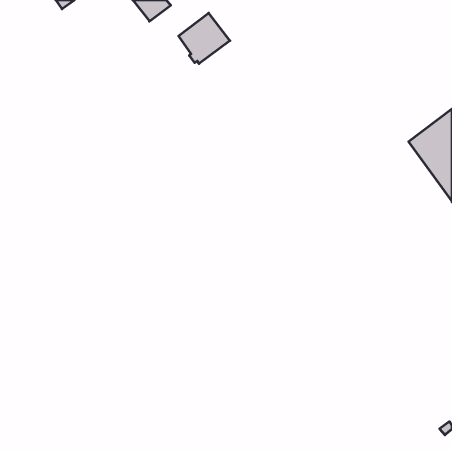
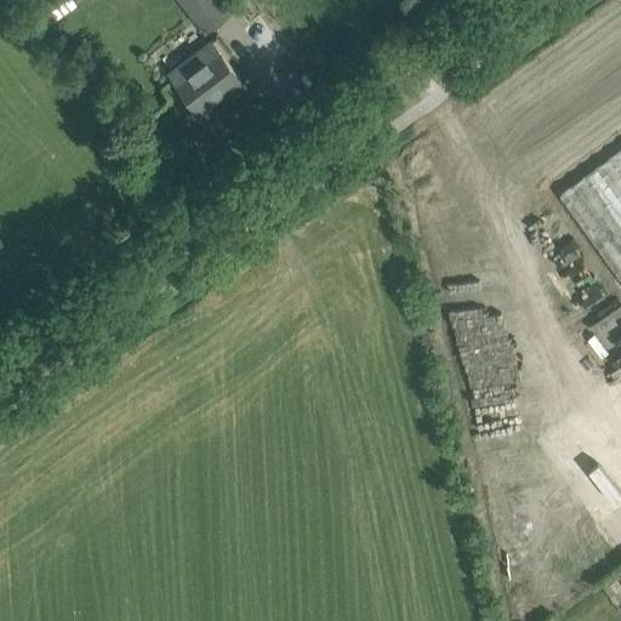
building: [179,13,230,64] -> [171,44,241,113]

